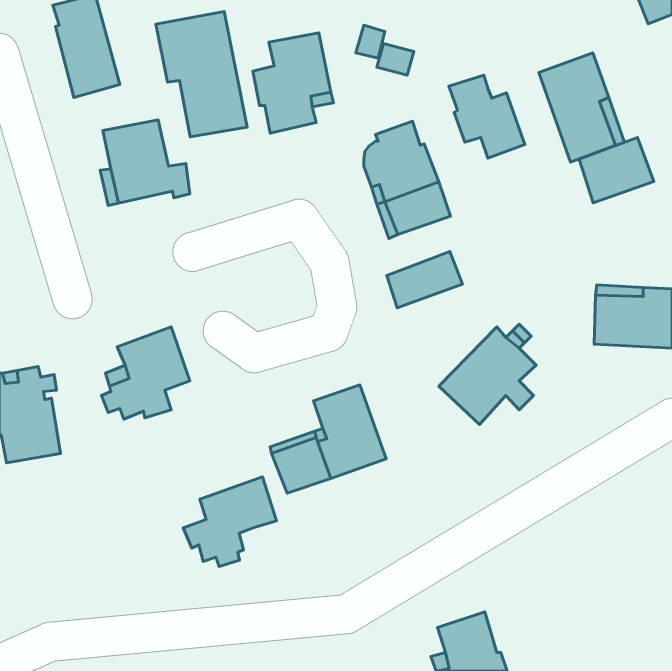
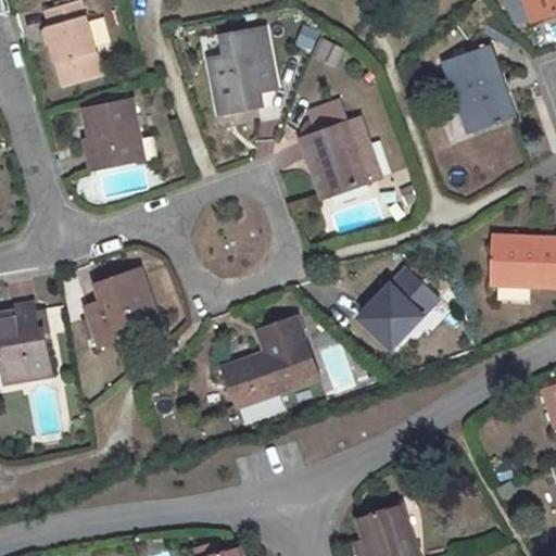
building: [156,11,247,137] -> none
building: [449,75,525,158] -> none
building: [579,138,654,203] -> none
building: [387,252,462,308] -> none
building: [183,477,276,567] -> none

